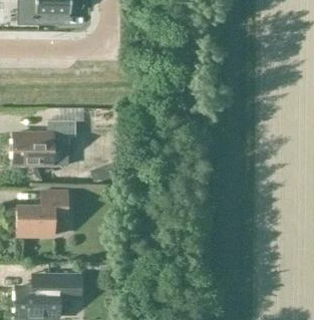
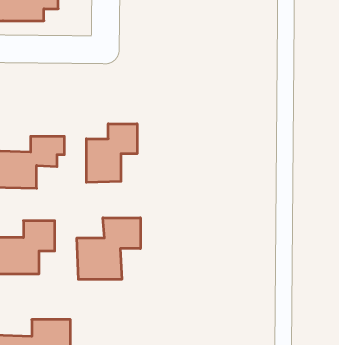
building: none -> [86,124,137,182]
building: none -> [77,218,140,279]

